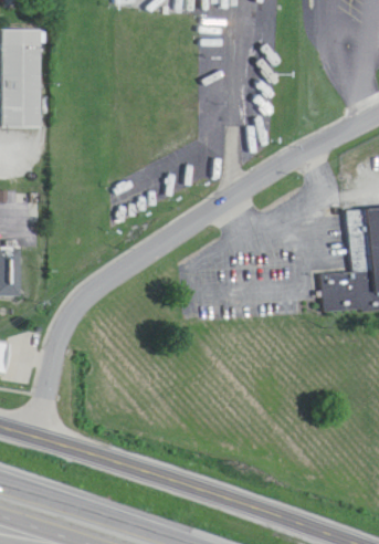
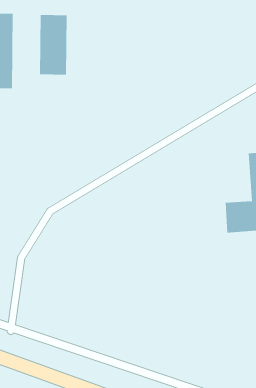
building: none -> [40,14,67,76]

